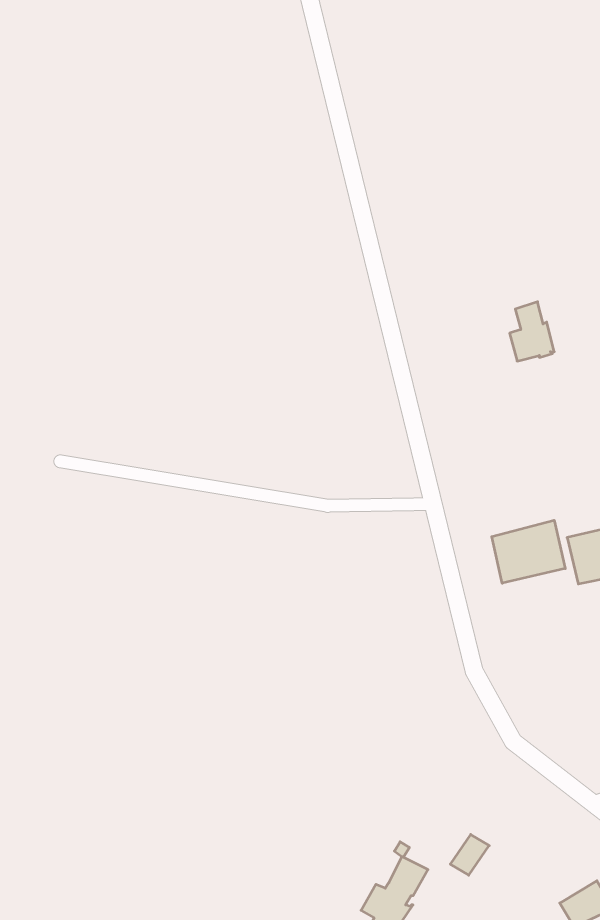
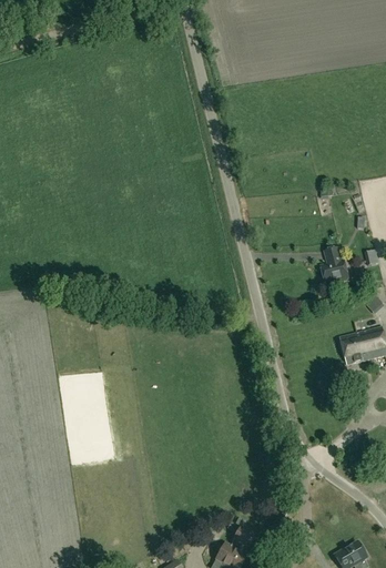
building: [510,302,554,361] -> [321,247,347,283]
building: [492,520,565,583] -> none

